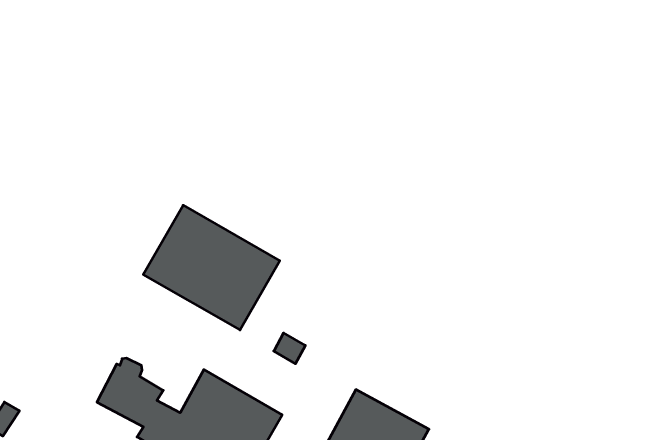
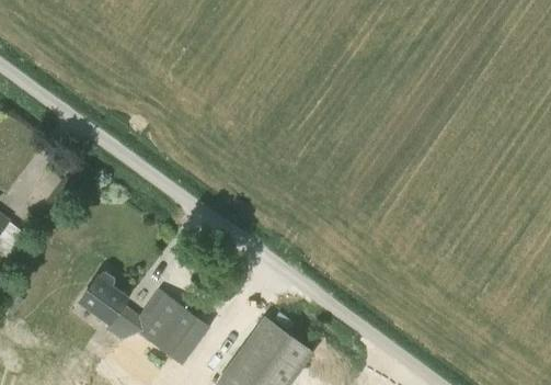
building: [143,205,280,330] -> none

